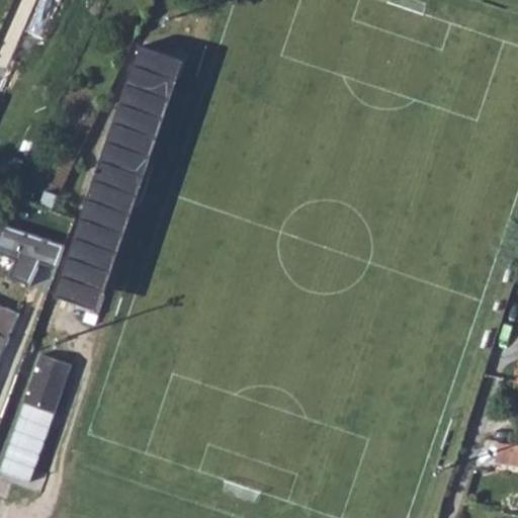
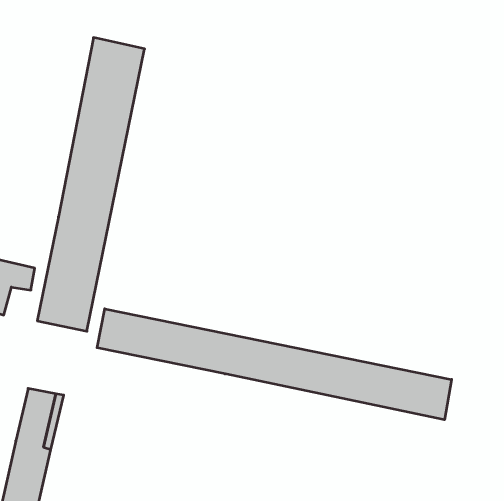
building: none -> [97,309,452,420]

